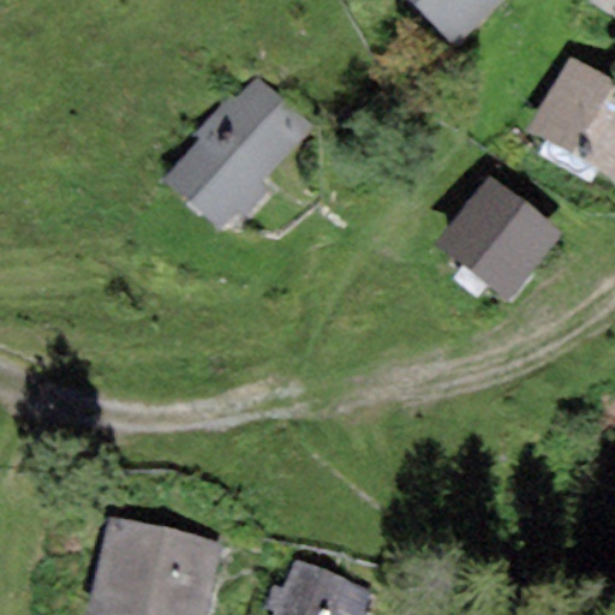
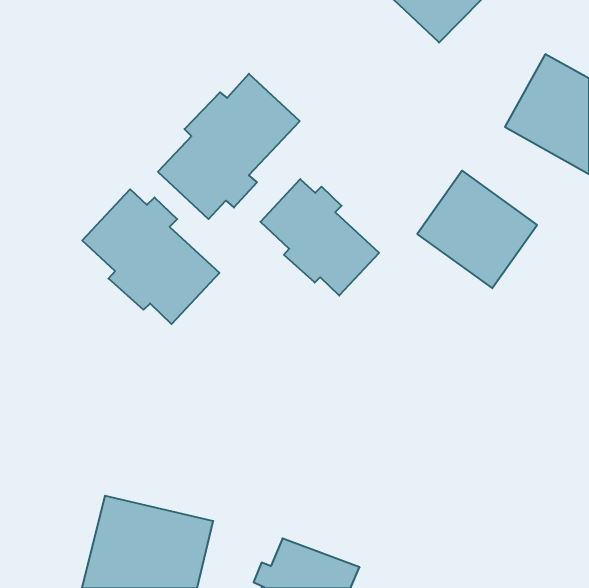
building: none -> [260,179,379,296]
building: none -> [82,189,219,324]

